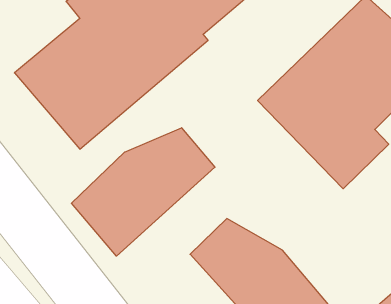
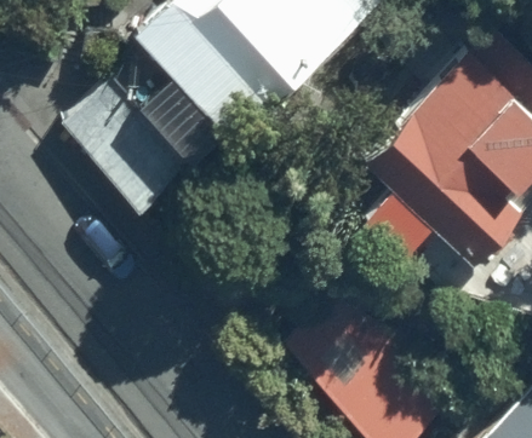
building: [71,128,215,256] -> none

